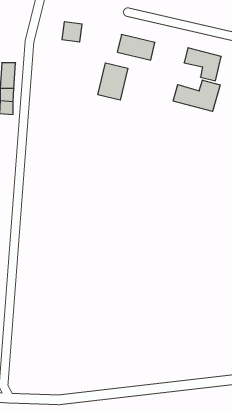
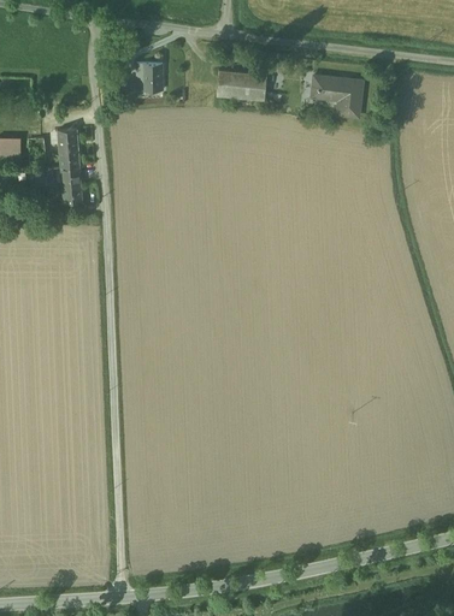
building: [98,63,128,100] -> none
building: [173,80,220,111] -> none

